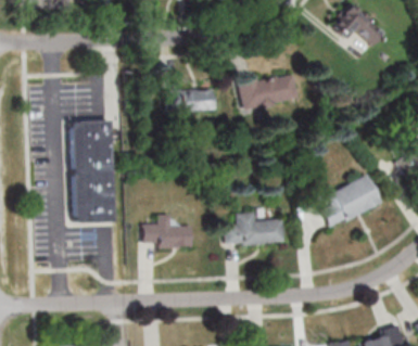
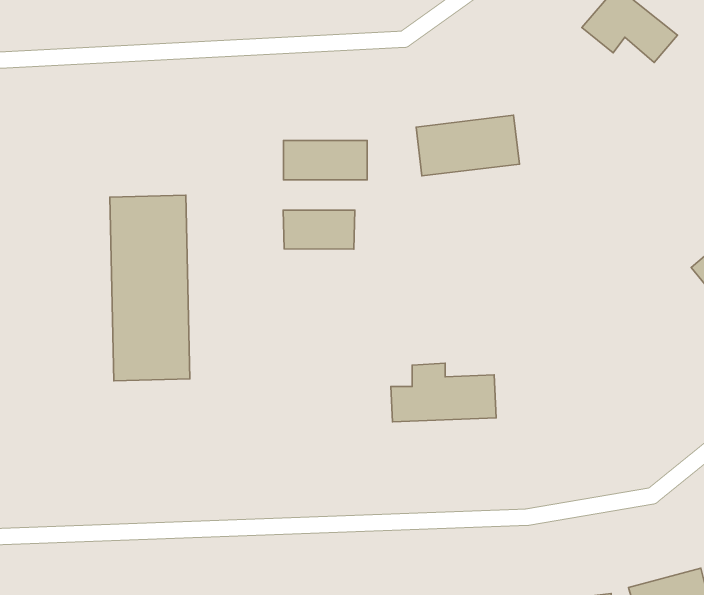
building: none -> [283,210,355,249]
building: [321,175,382,229] -> none
building: [144,214,192,247] -> none

